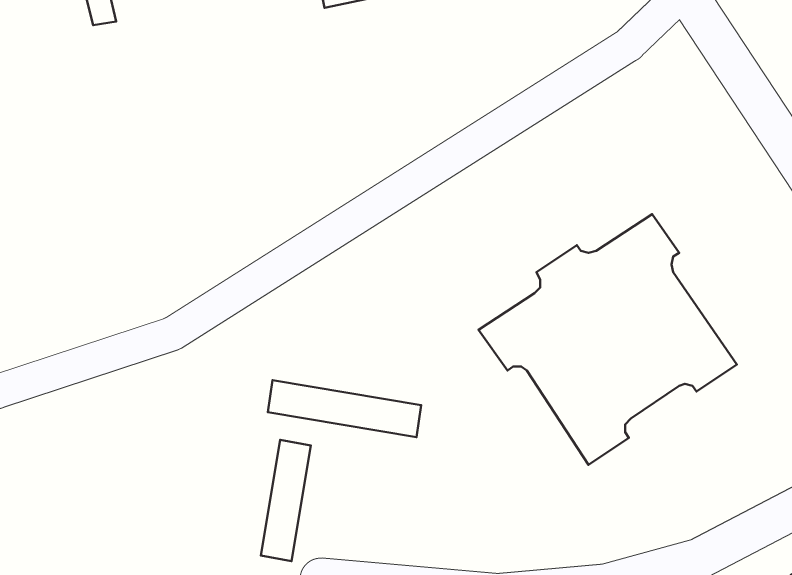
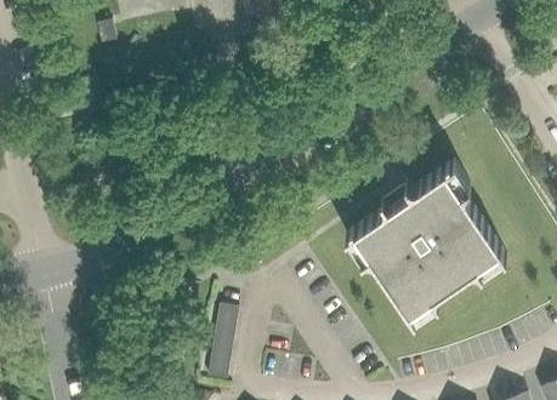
building: [268,380,421,437] -> none

